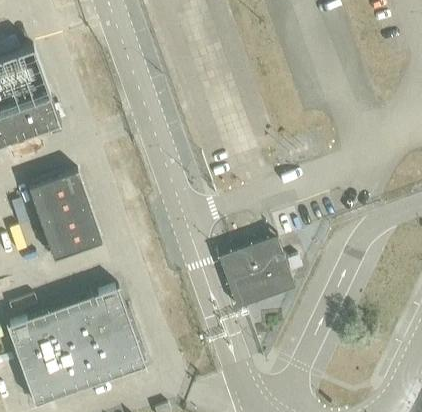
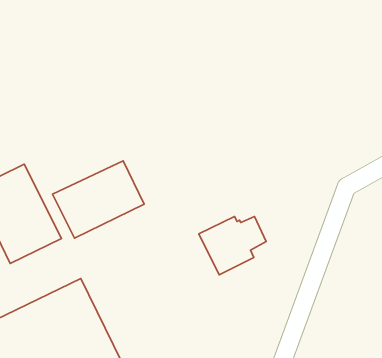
building: none -> [53,161,144,238]

